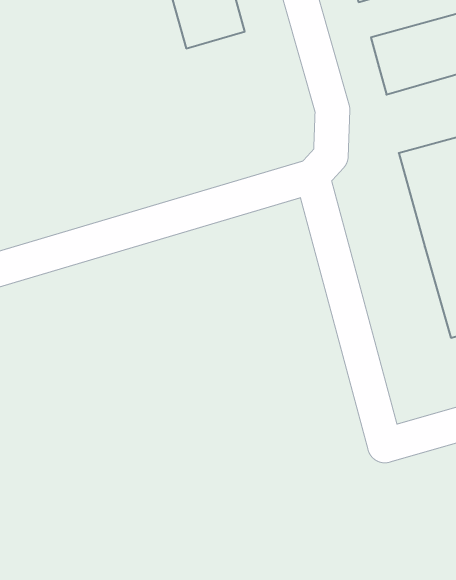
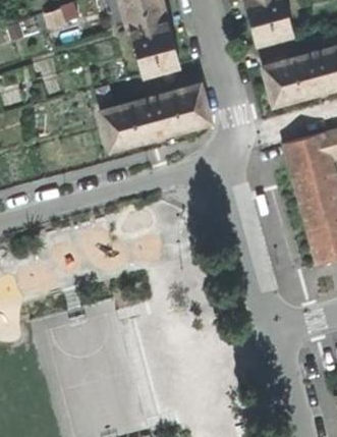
building: none -> [102,85,211,148]

